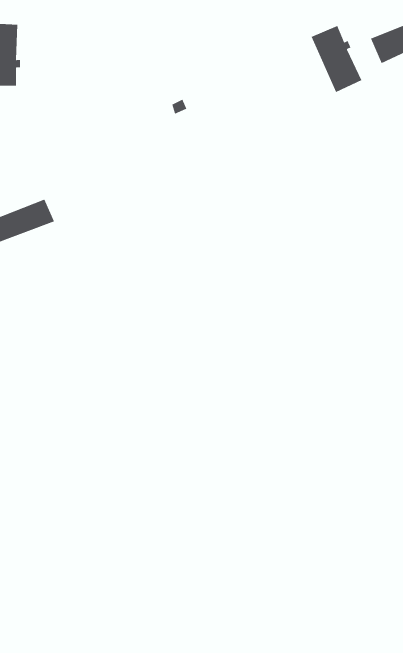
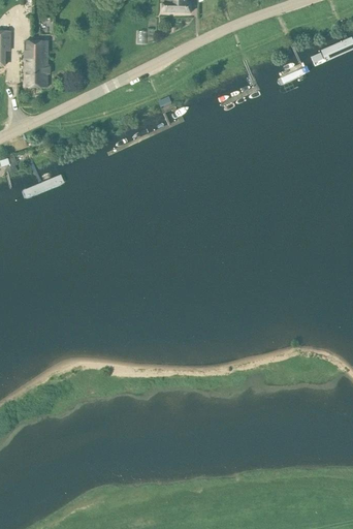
building: [311,25,362,93] -> none

